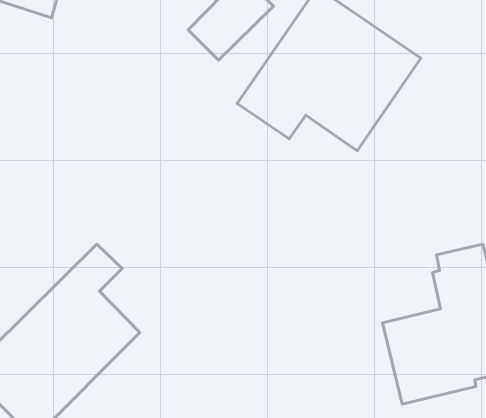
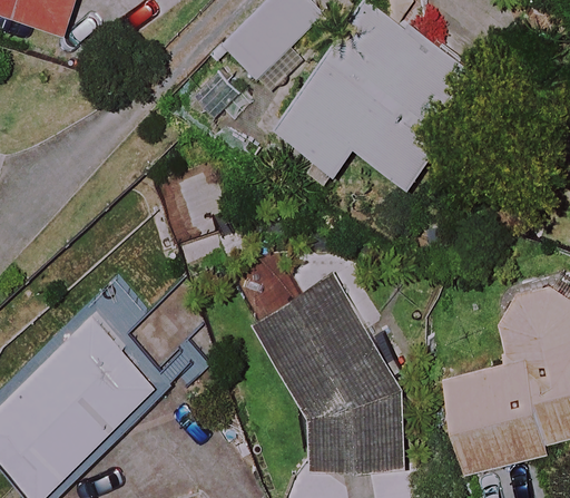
building: none -> [250,273,404,470]

